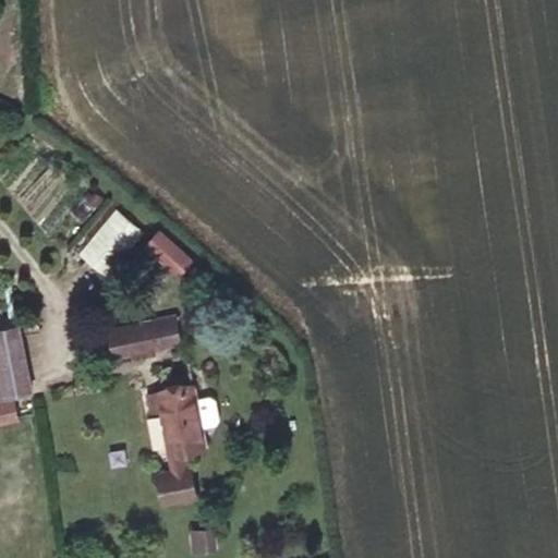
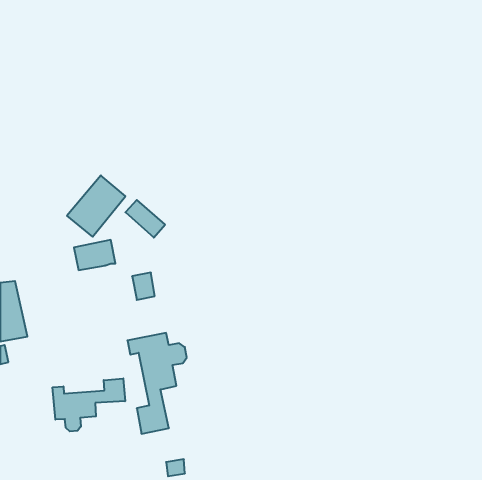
building: [110,322,158,356] -> [74,240,115,270]
building: none -> [53,378,125,431]

